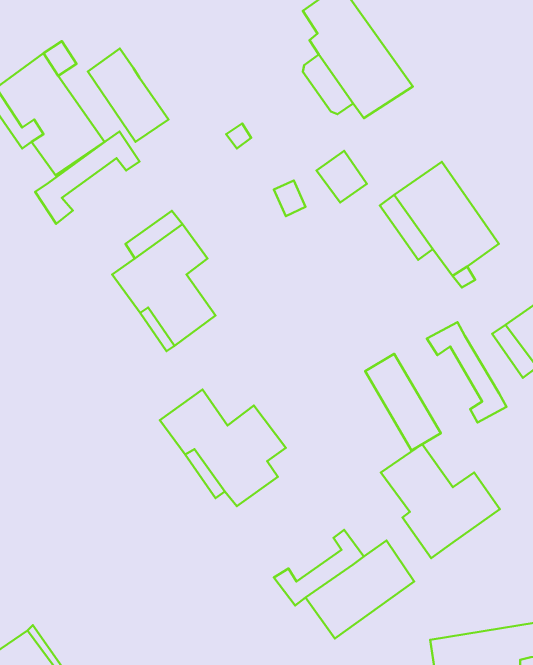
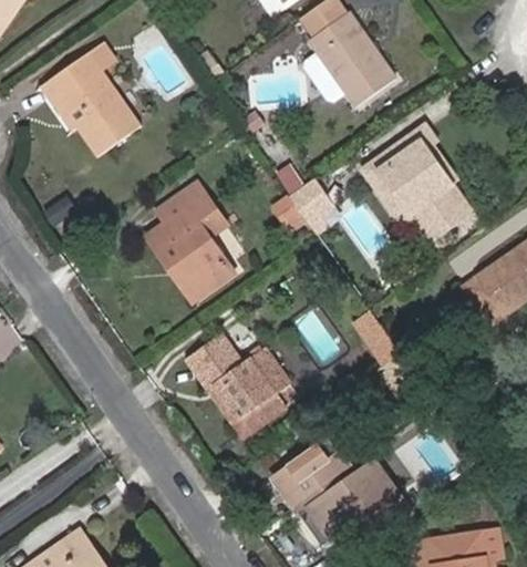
building: [88,49,168,142] -> none
building: [35,132,140,224] -> none
building: [316,151,367,202] -> [290,181,332,224]
building: [427,322,507,423] -> none
building: [381,444,500,558] -> none
building: none -> [272,453,338,494]

